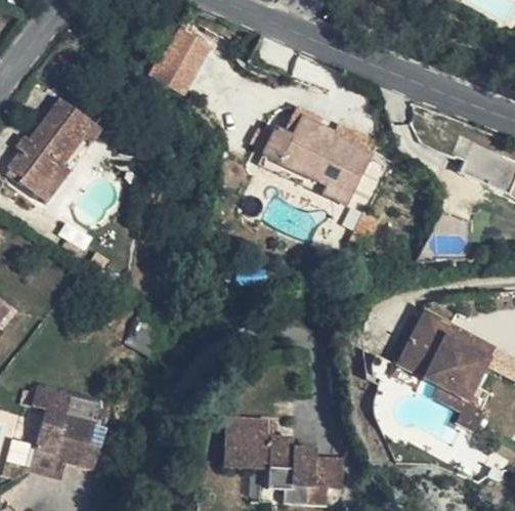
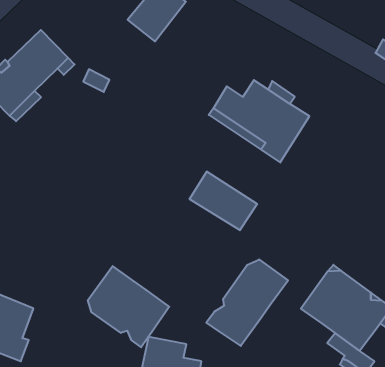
building: none -> [190,171,257,230]
building: none -> [206,259,288,346]
building: none -> [88,266,169,347]

